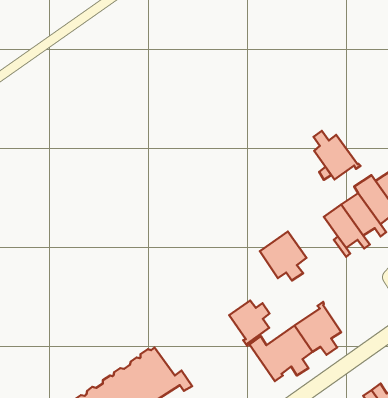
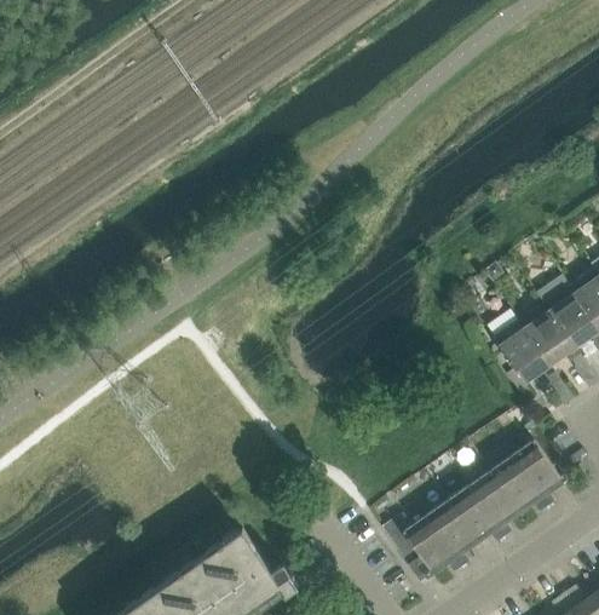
building: [313,131,360,180] -> none
building: [260,232,307,281] -> [493,438,561,511]
building: [229,301,270,346] -> none

